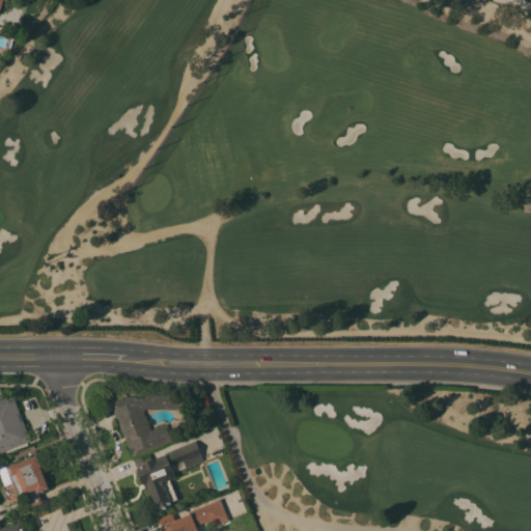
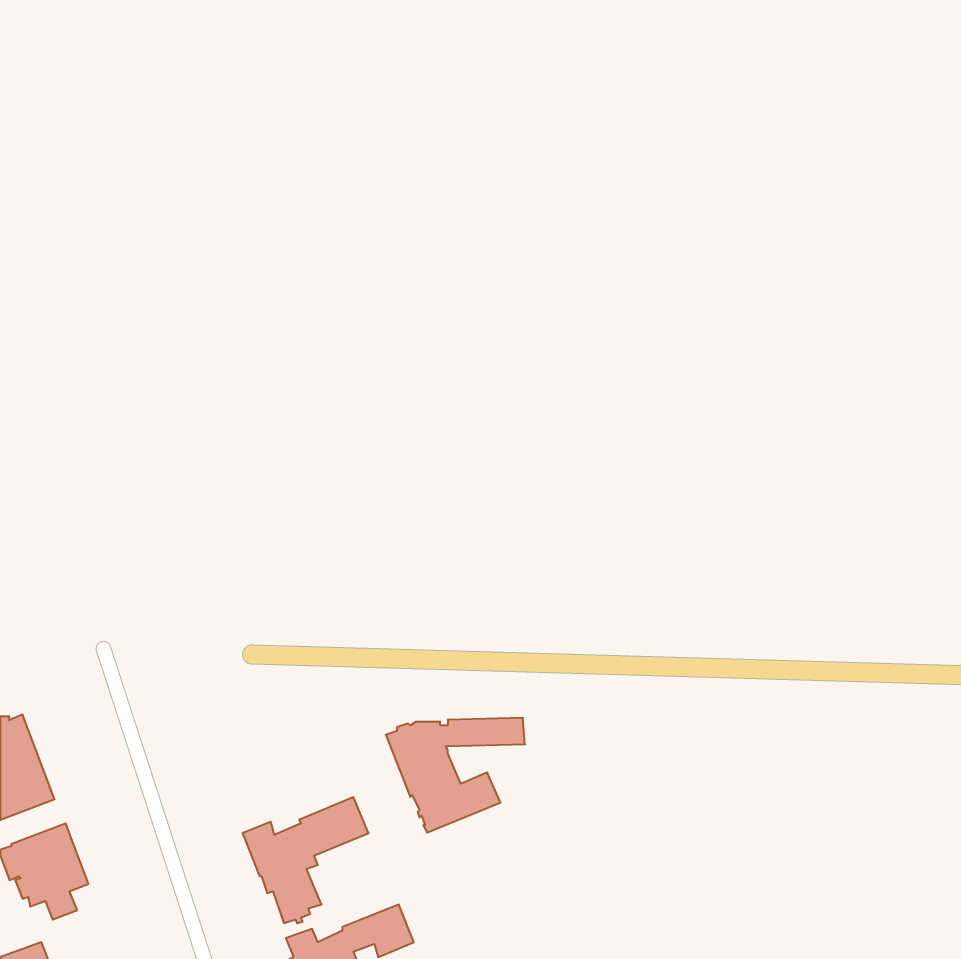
building: [110,394,187,457] -> [386,718,525,833]

